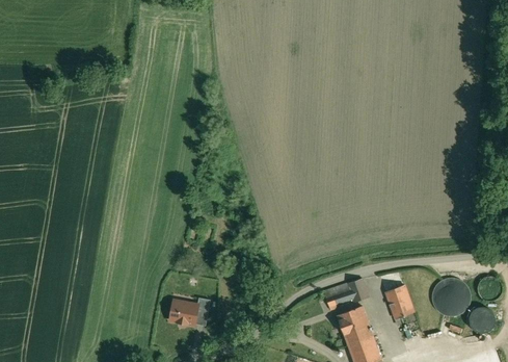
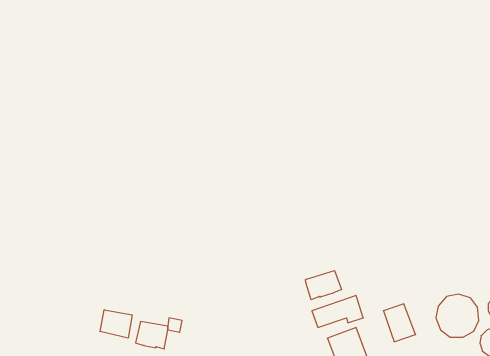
building: none -> [306,271,341,300]
building: none -> [100,310,132,338]

